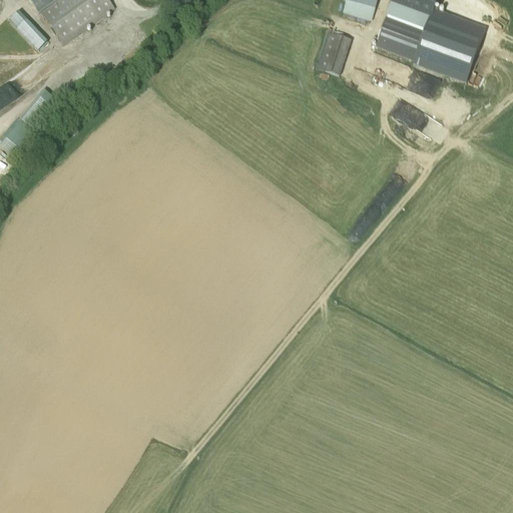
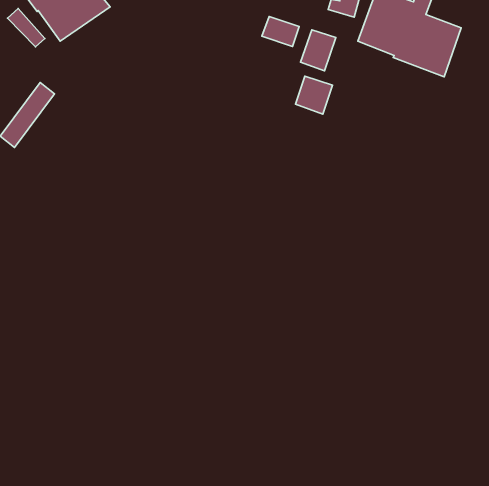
building: none -> [262,17,299,47]
building: none -> [296,76,333,114]

